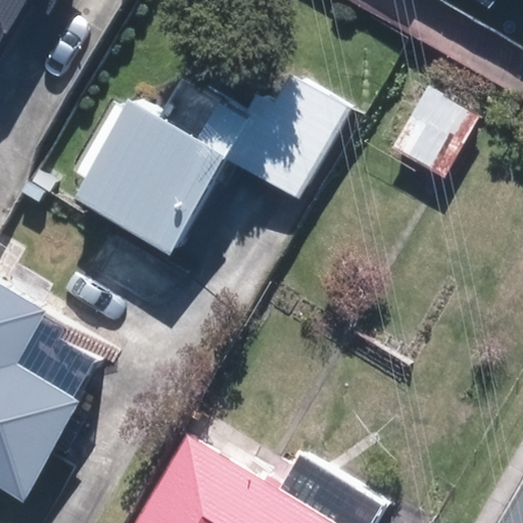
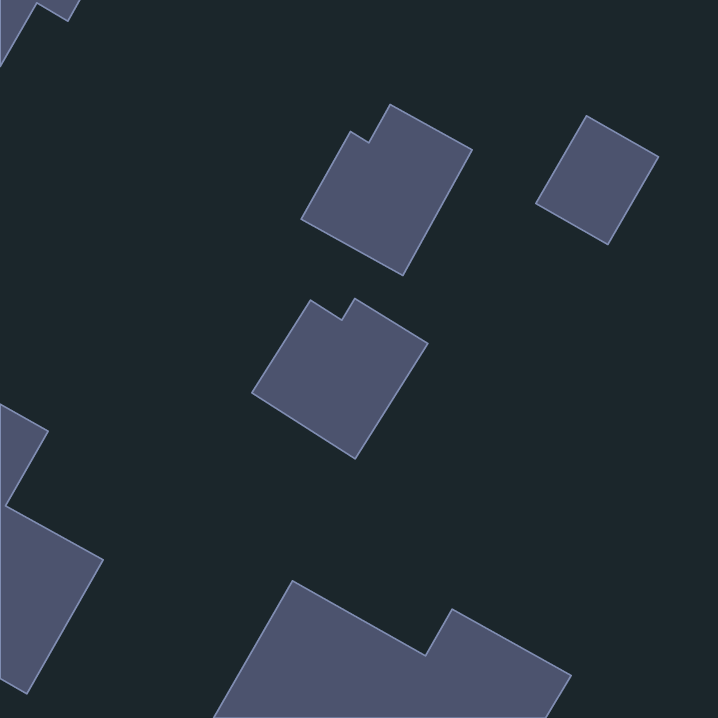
building: [67,105,221,258] -> none
building: none -> [252,298,428,459]

